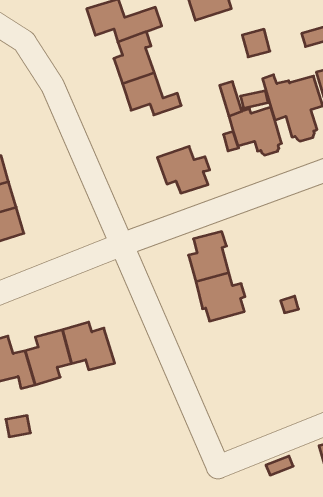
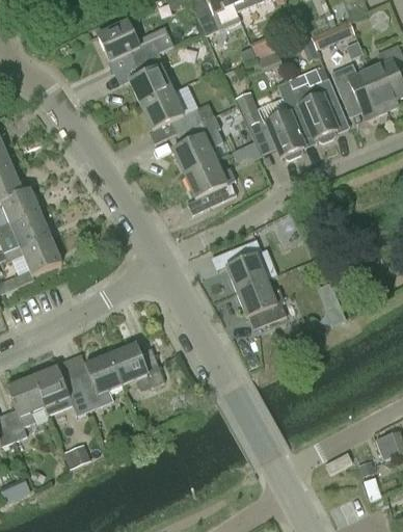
building: none -> [172,119,214,174]

